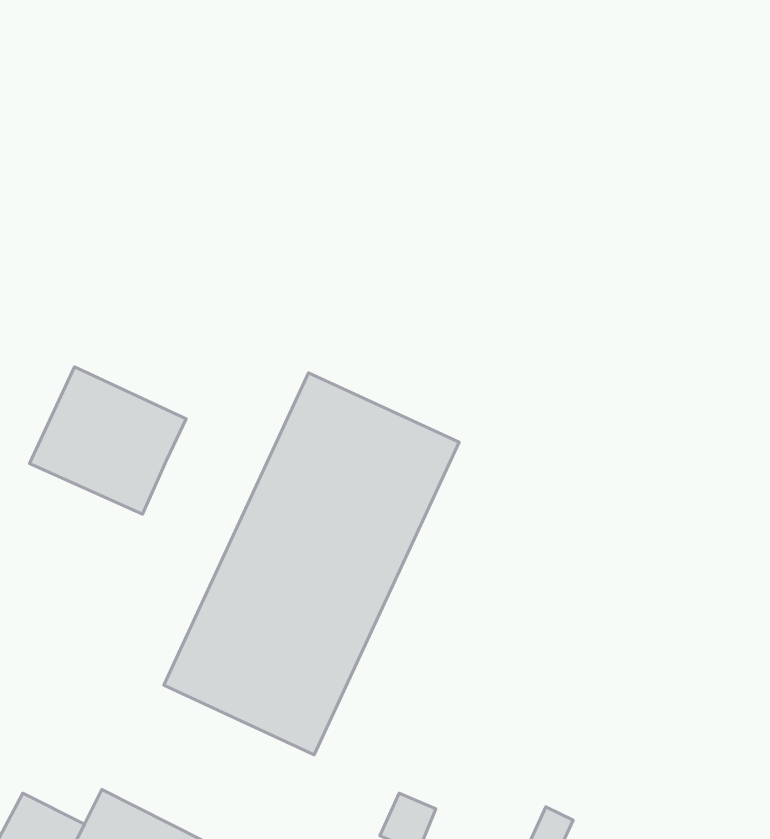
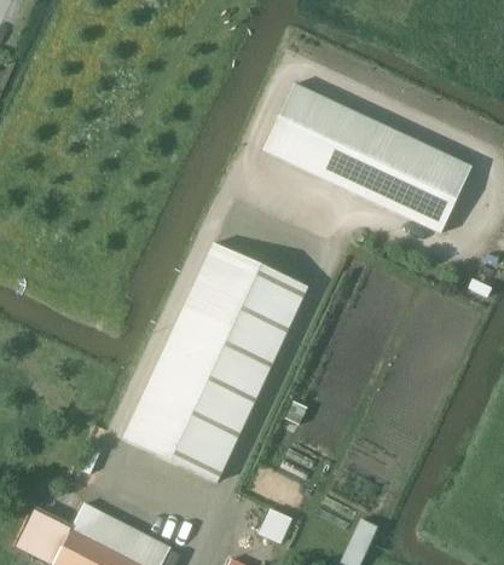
building: none -> [262,82,470,232]
building: [30,367,186,514] -> none

